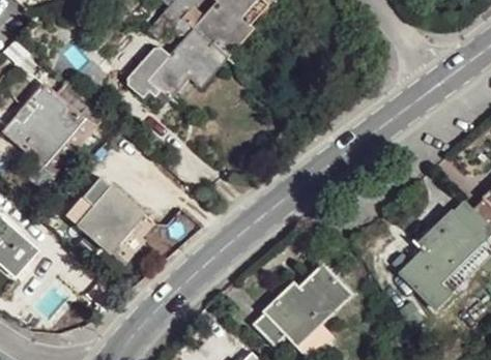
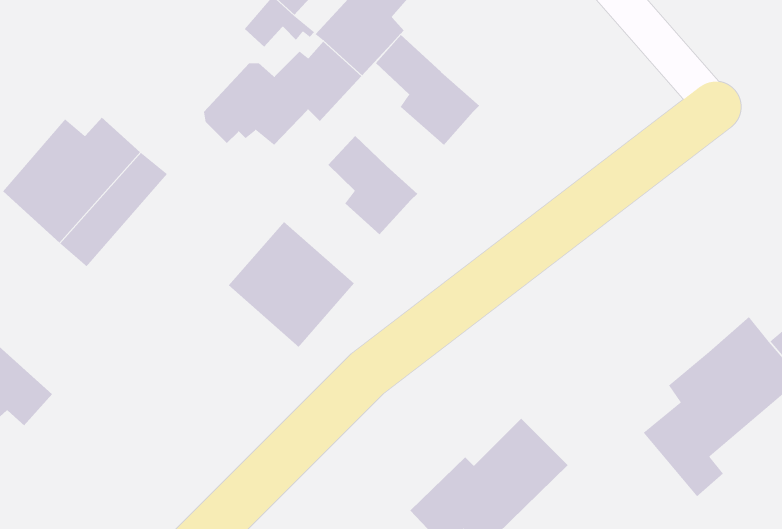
building: none -> [375,34,480,146]
building: none -> [327,135,418,235]
building: [65,176,143,253] -> [228,221,355,348]

